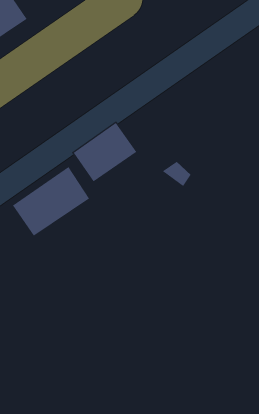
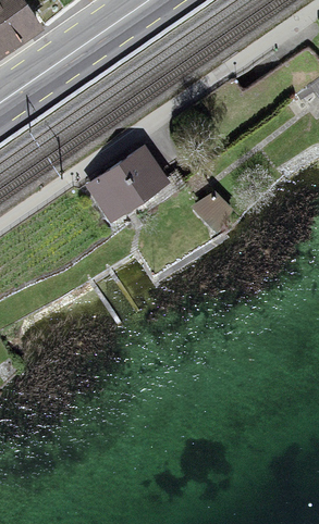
building: [12,166,90,237] -> none

